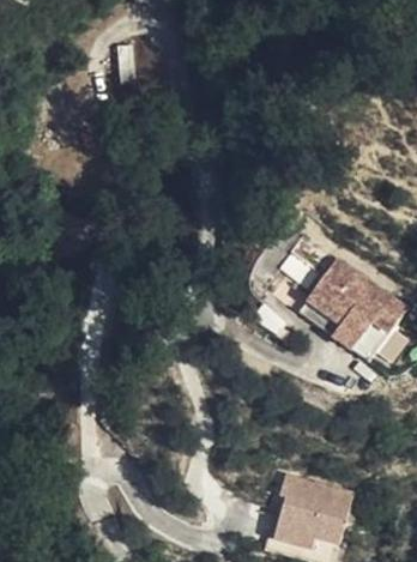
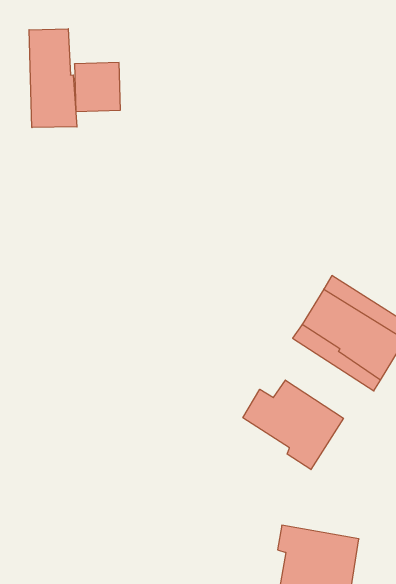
building: none -> [29,29,77,128]
building: none -> [243,380,343,470]

